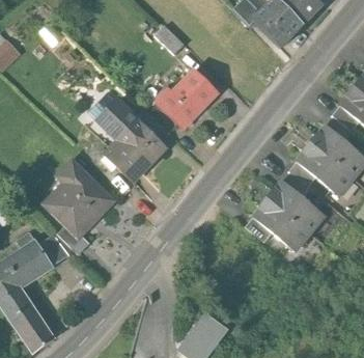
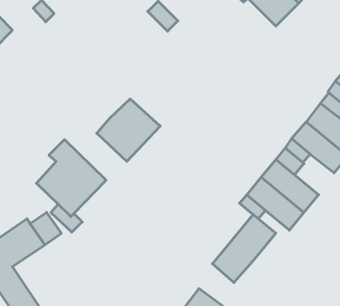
building: [156,68,218,128] -> none
building: [95,100,137,140] -> none
building: none -> [212,215,276,283]

